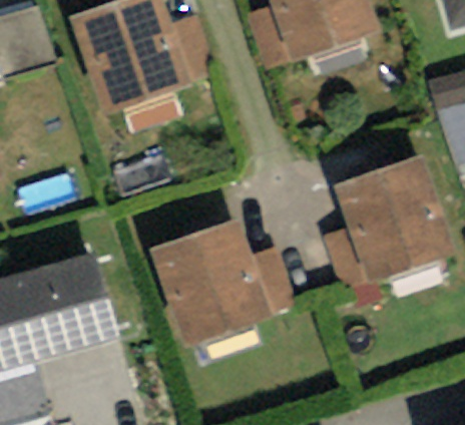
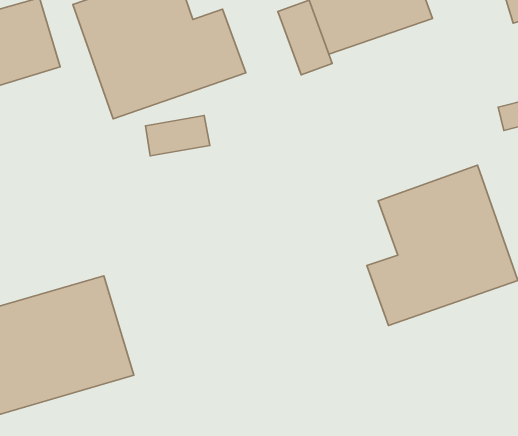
building: [149,217,296,345] -> none

